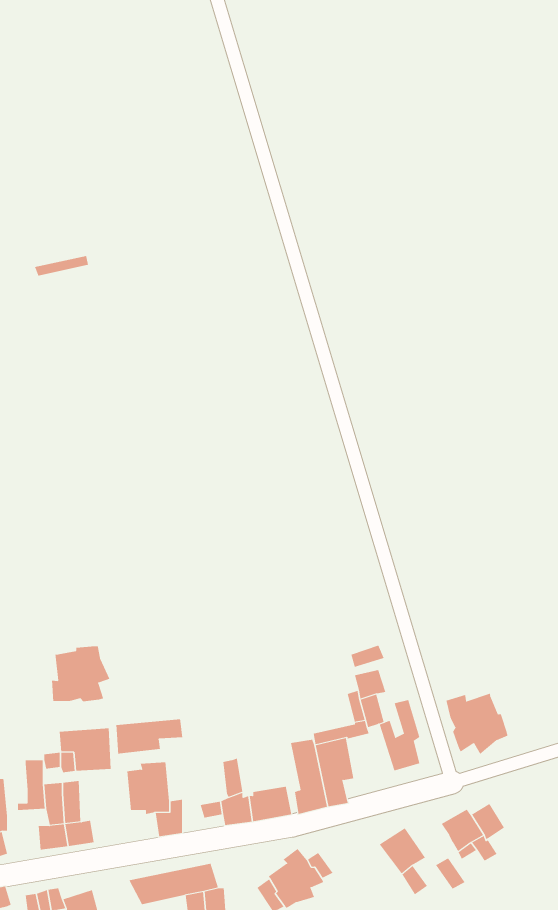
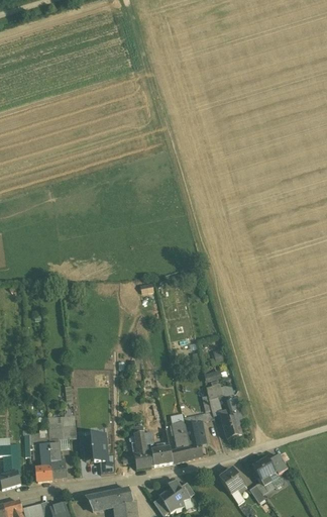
building: [51,645,110,702] -> none
building: [446,693,508,755] -> none
building: [116,718,183,755] -> none

